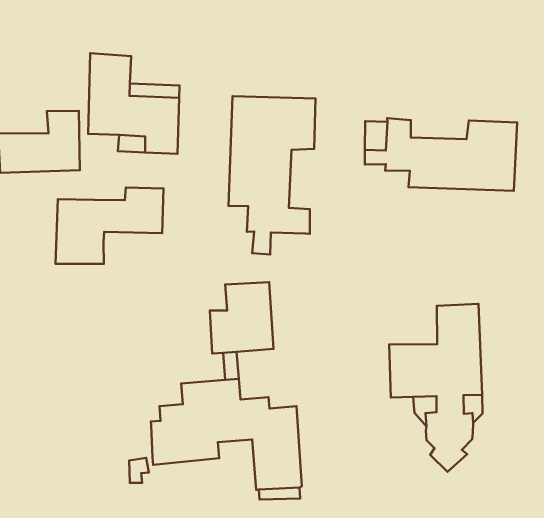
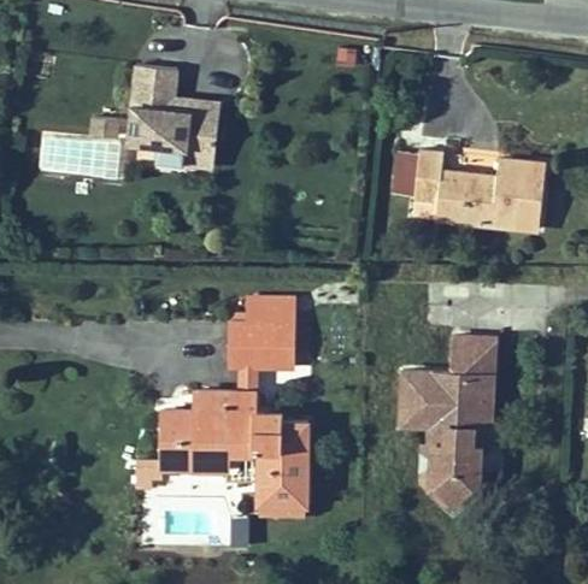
building: [229,96,315,254] -> none
building: [56,187,163,264] -> none
building: none -> [421,456,492,505]

